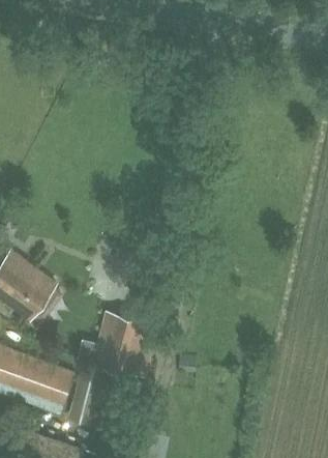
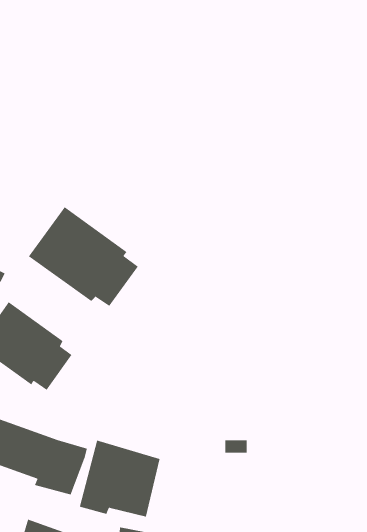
building: none -> [28,206,139,307]
building: [90,311,145,372] -> none

